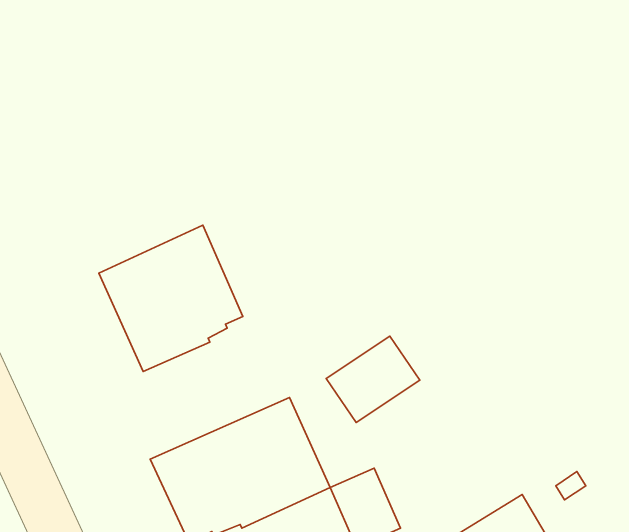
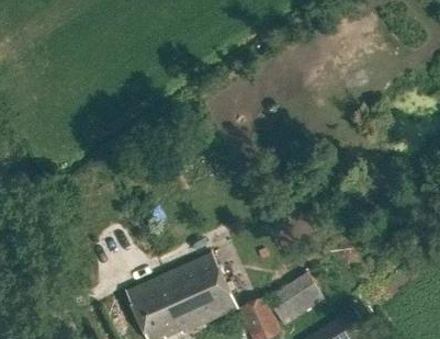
building: [99,225,243,371] -> none
building: [326,336,420,423] -> [267,271,325,325]

